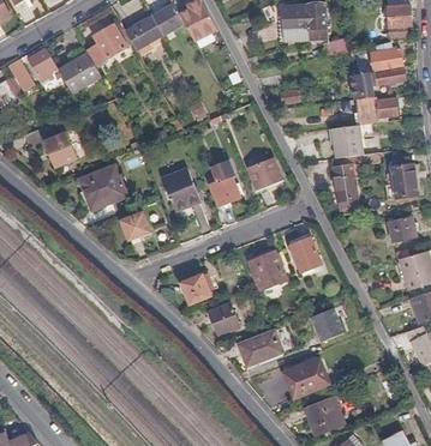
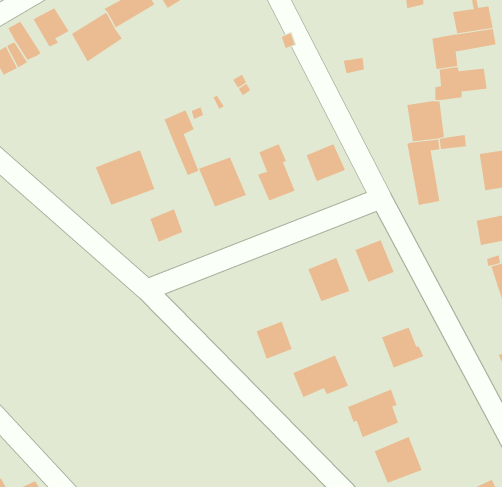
building: [25,125,77,168] -> none
building: none -> [164,109,199,176]
building: [181,275,211,303] -> none

